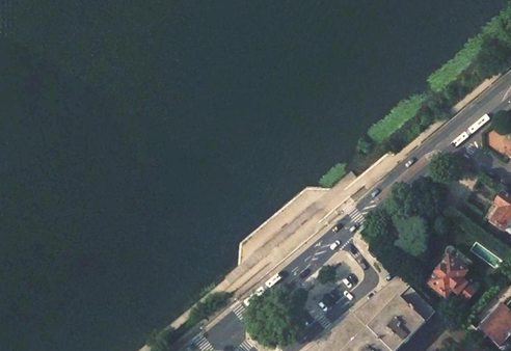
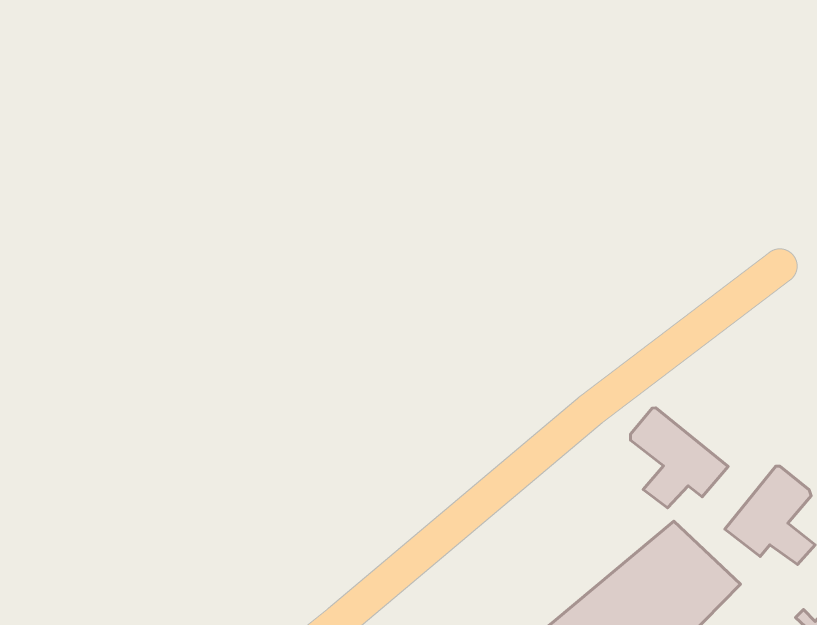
building: none -> [631,408,728,508]

